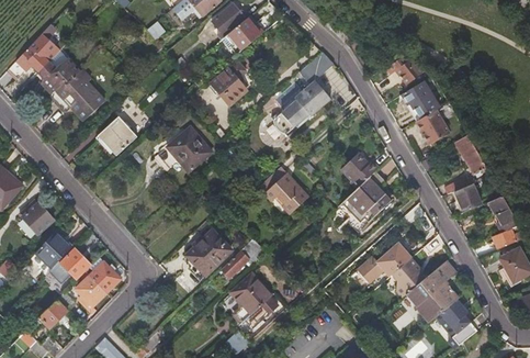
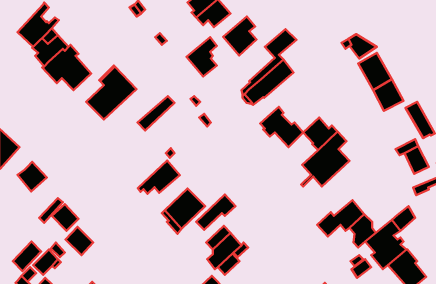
building: none -> [223,17,257,56]
building: [163,135,211,172] -> [138,160,180,194]
building: [260,166,308,211] -> [260,107,303,147]
building: [34,231,66,264] -> [13,242,41,271]
building: [88,259,120,291] -> none

